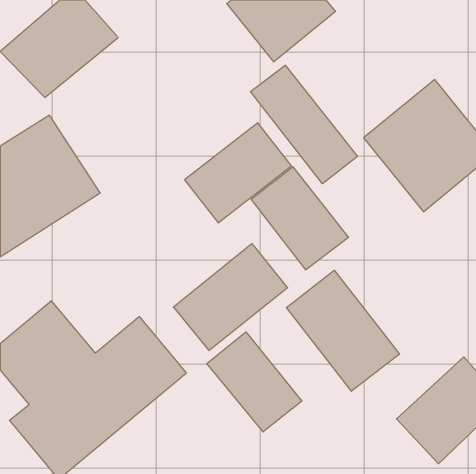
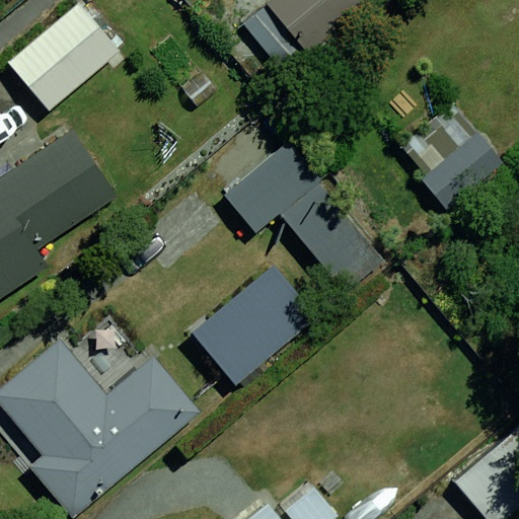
building: [250,65,357,184] -> none
building: [286,270,399,391] -> none
building: [207,332,302,432] -> none

